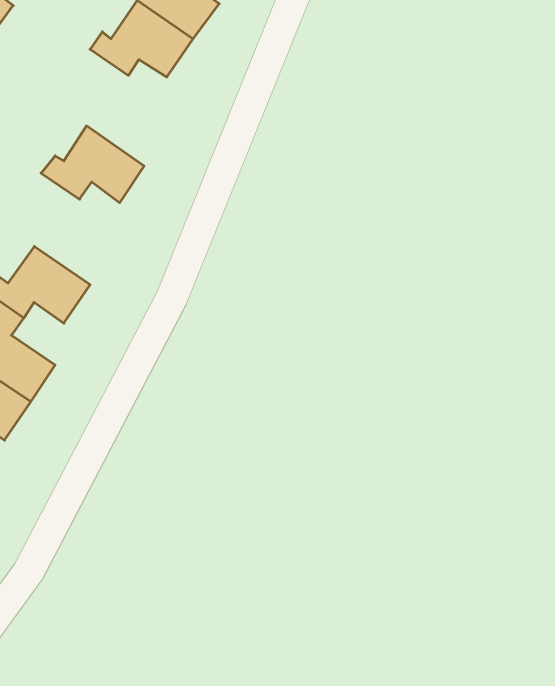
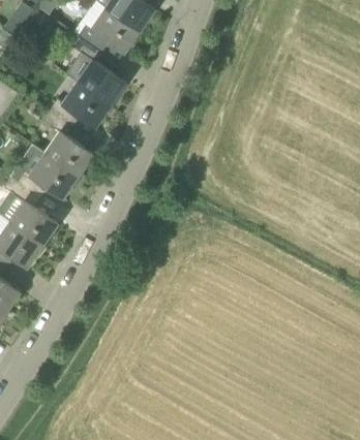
building: none -> [64,36,125,105]
building: none -> [42,109,93,176]

